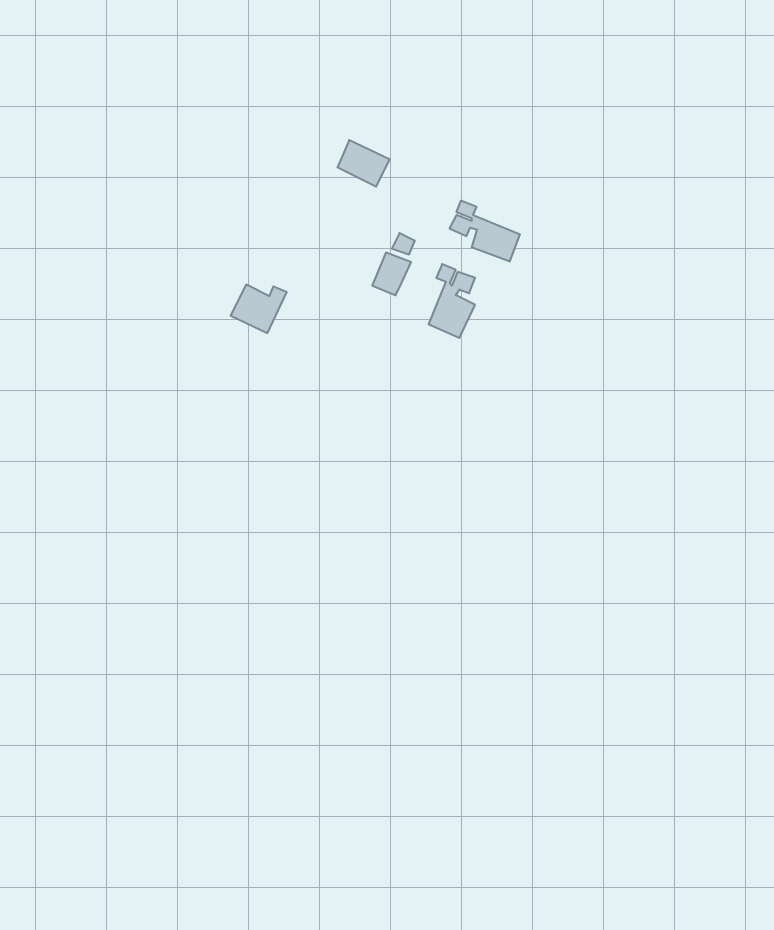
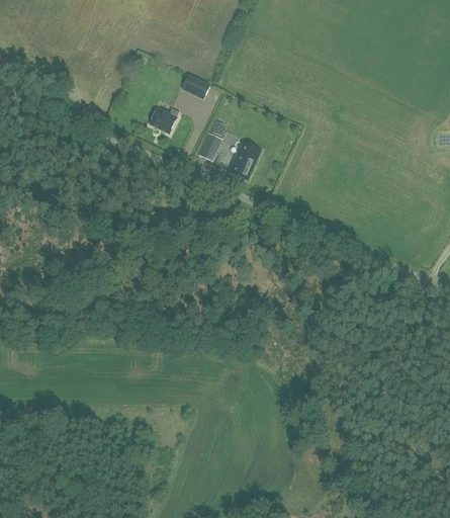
building: [450,200,520,262] -> none
building: [231,285,287,333] -> [150,106,179,132]

